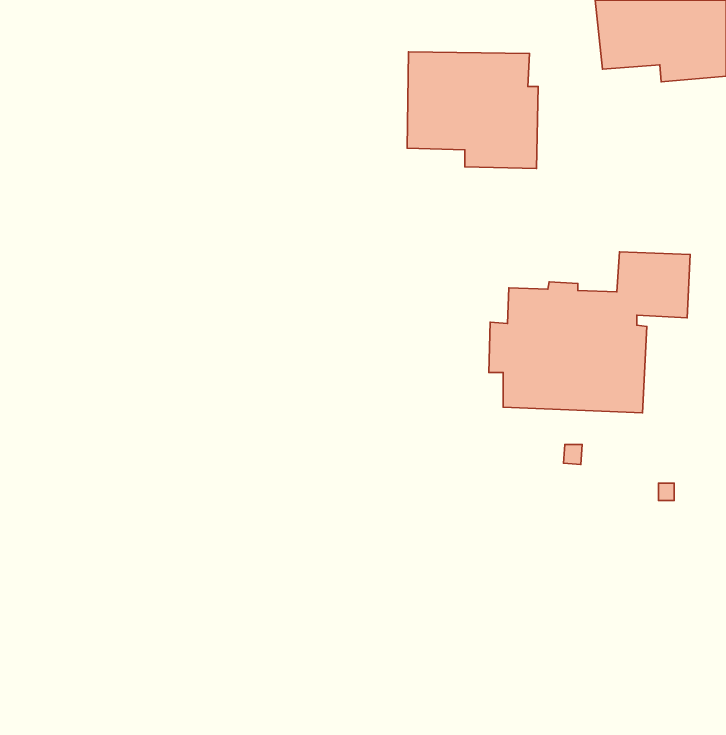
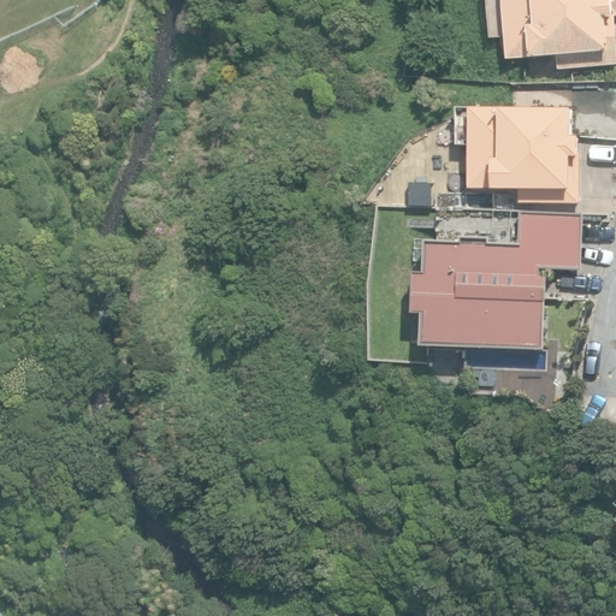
building: [407,52,538,168] -> [466,106,575,203]

